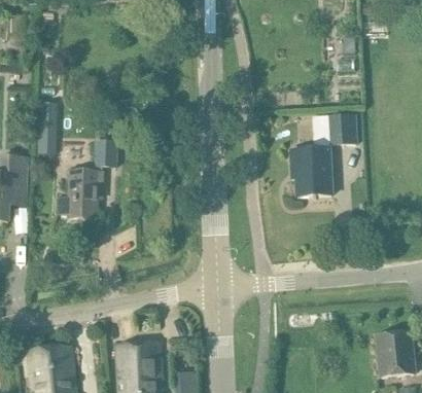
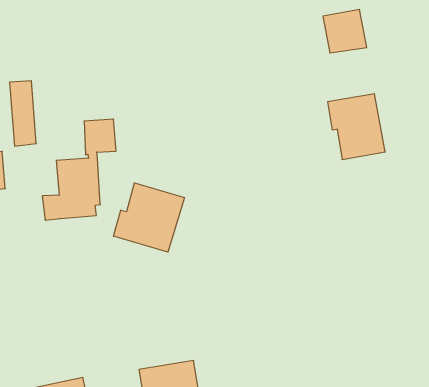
building: [325,112,357,144] -> [323,9,367,53]
building: none -> [114,183,184,252]

